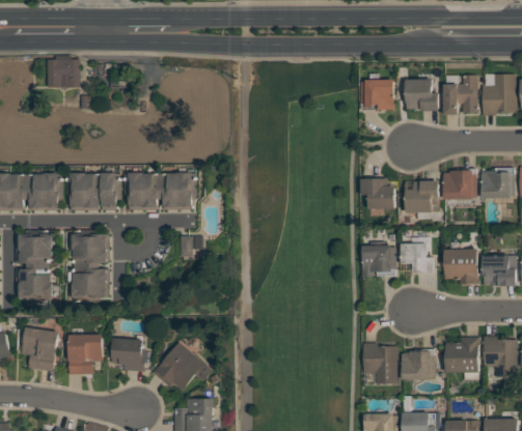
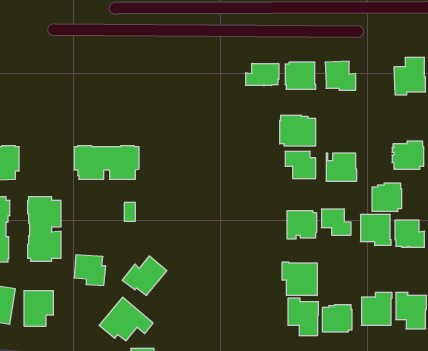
building: [48,55,80,87] -> none
building: [443,74,478,114] -> none
building: none -> [246,63,279,86]
building: none -> [280,115,316,146]
building: [443,168,476,199] -> [372,183,402,211]
building: [66,172,121,209] -> none
building: none -> [122,256,167,296]
building: none -> [282,262,317,296]
building: [111,337,146,371] -> [74,255,106,285]

